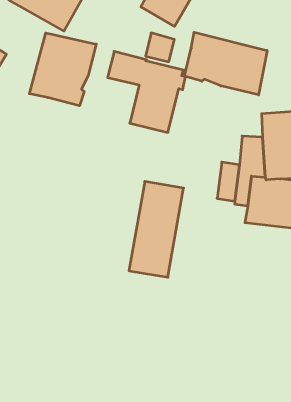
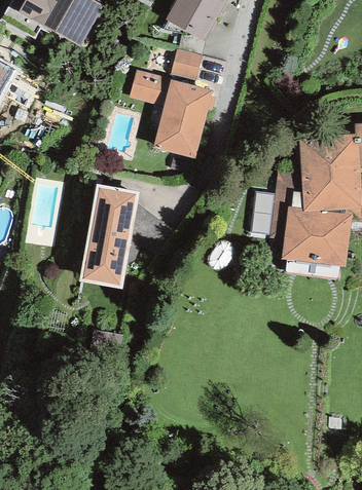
building: [185,32,267,95] -> none
building: [29,33,96,106] -> none
building: [129,181,184,277] -> [79,183,140,289]

